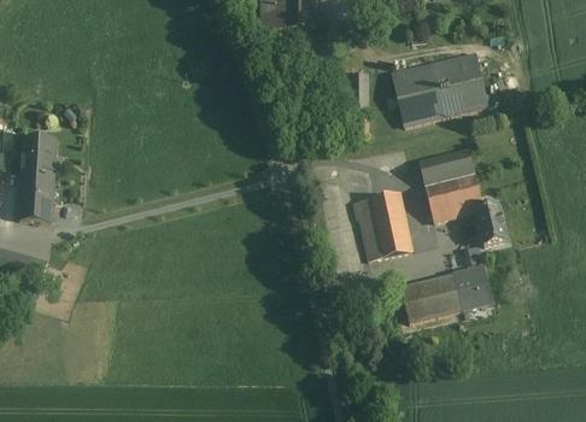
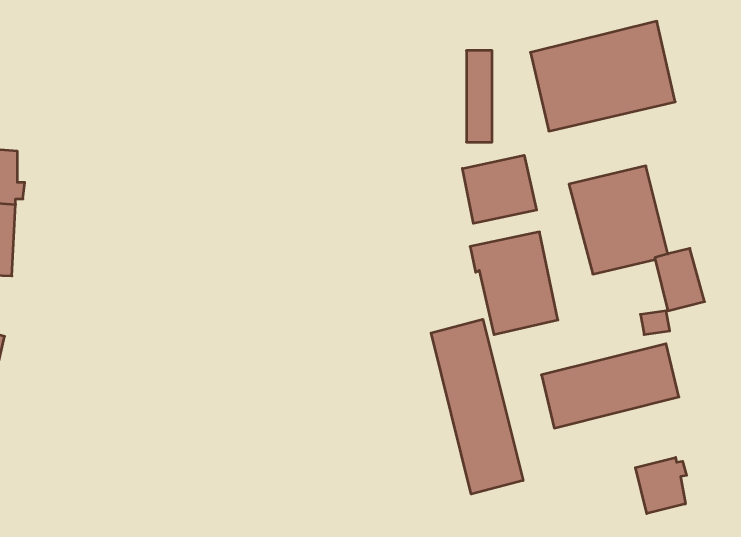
building: none -> [462,155,537,223]
building: none -> [431,319,523,494]
building: none -> [635,457,687,514]

